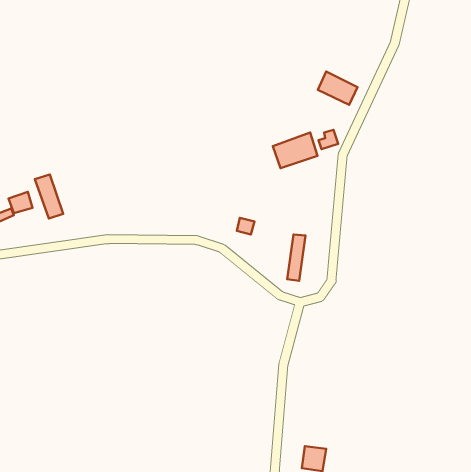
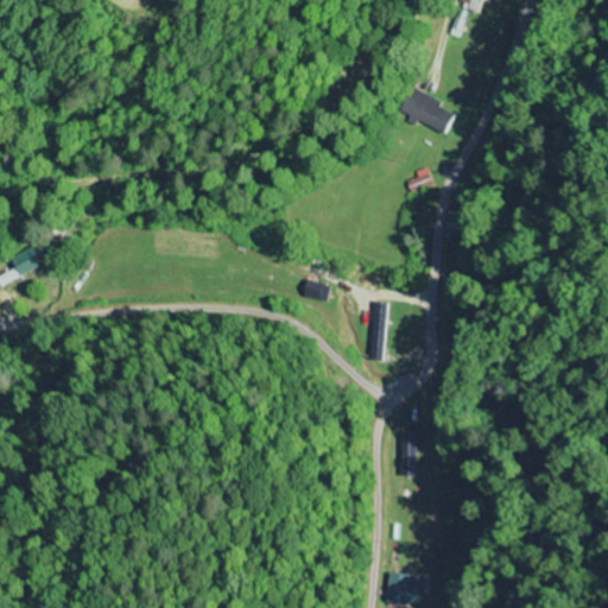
building: [273,133,318,168] -> none
building: [35,174,63,218] -> none

